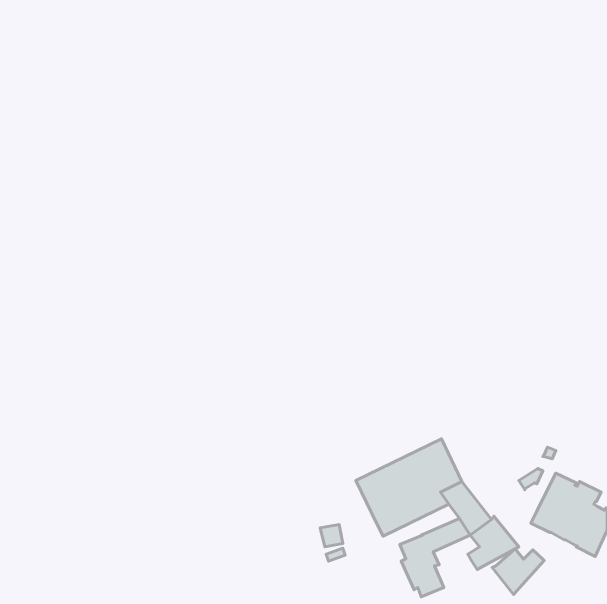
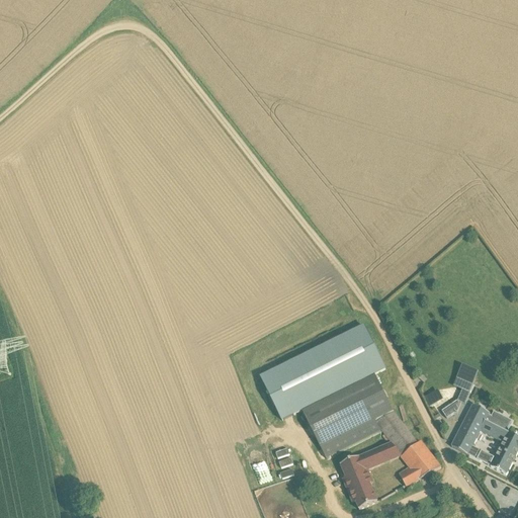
building: none -> [259,323,386,420]
building: [492,549,544,595] -> none

